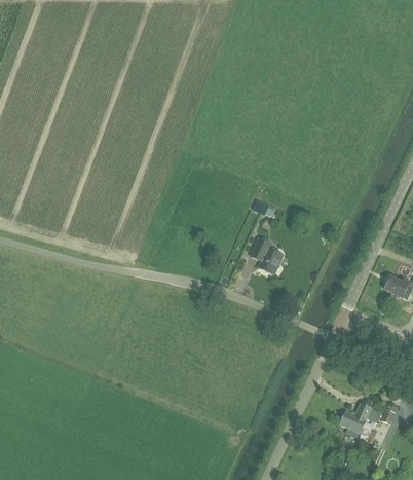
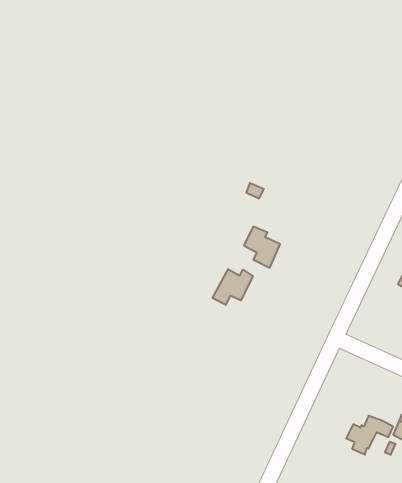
building: none -> [213,269,253,305]

